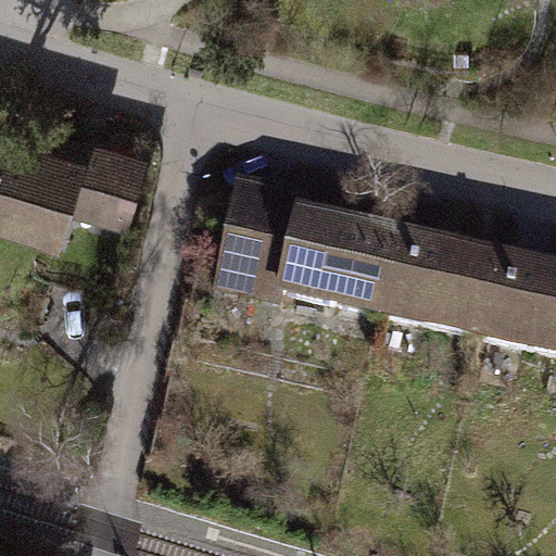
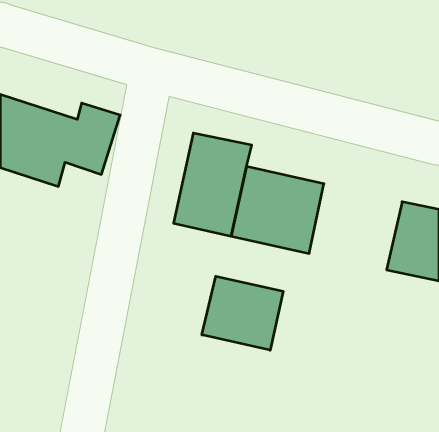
building: [391,229,511,341] -> none
building: none -> [202,276,283,350]

